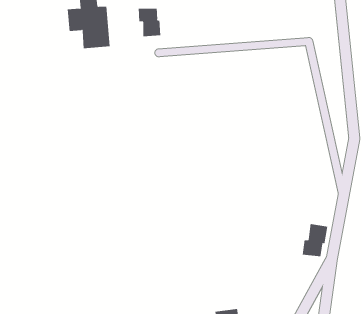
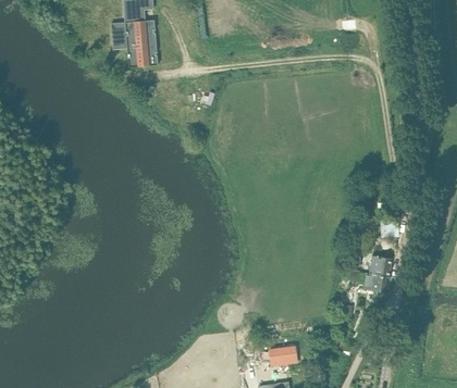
building: [138,8,161,37] -> none

